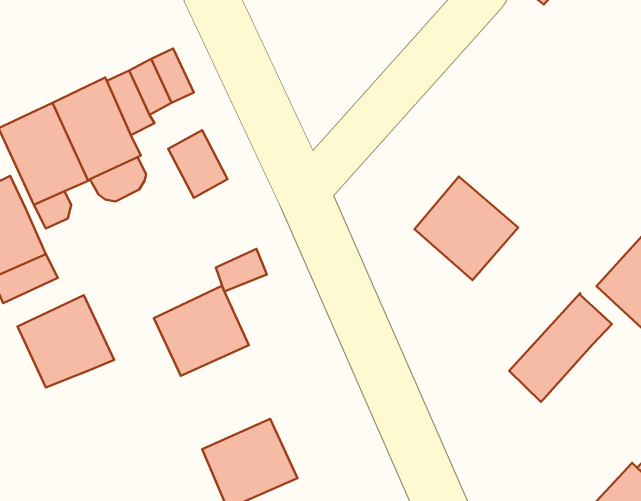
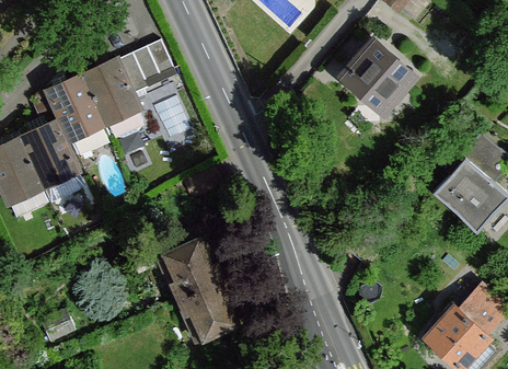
building: [415,176,518,280] -> [344,43,411,109]
building: [154,286,249,376] -> [160,240,221,298]
building: [509,293,612,402] -> none
building: [18,295,114,387] -> none

